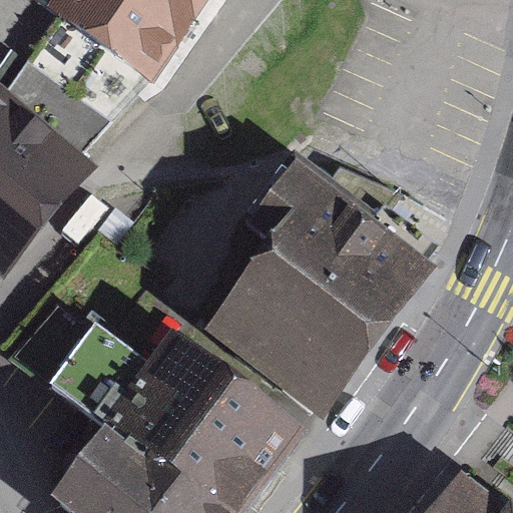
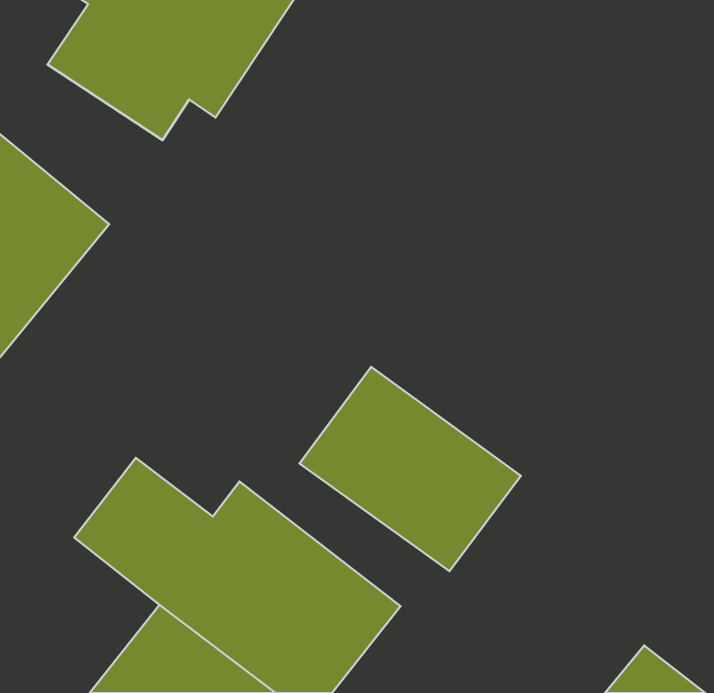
building: [239,163,424,341] -> none

